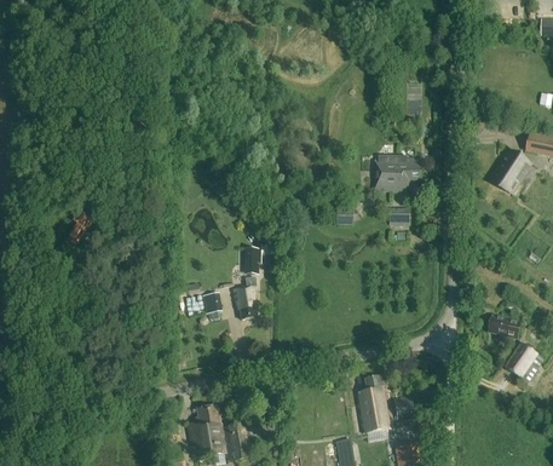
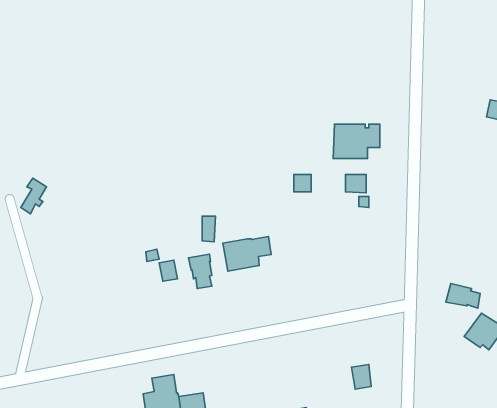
building: [490,150,531,194] -> none
building: none -> [223,237,271,271]
building: [356,374,390,432] -> none

